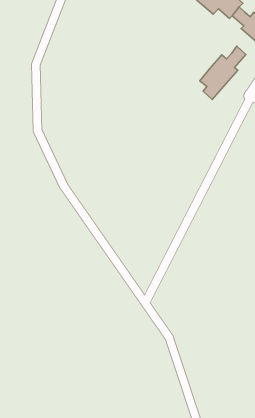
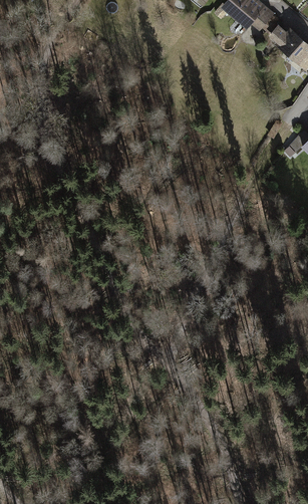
building: [200,46,246,100] -> none

